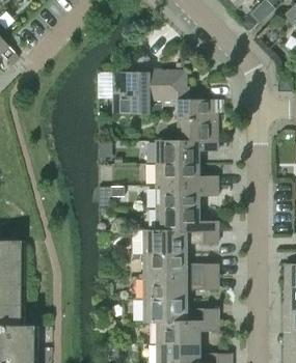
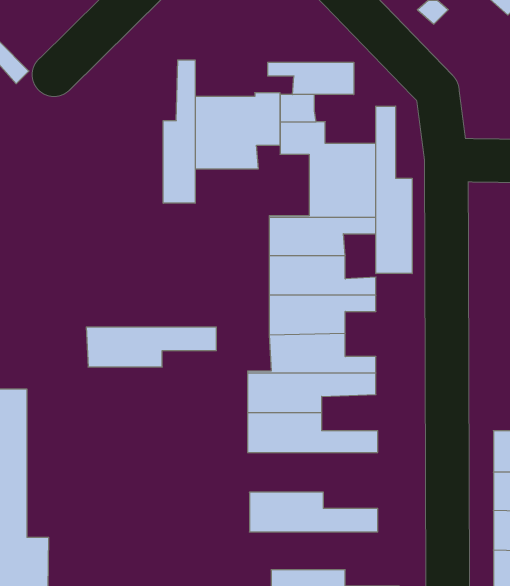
building: none -> [163,60,195,203]
building: none -> [268,62,354,95]
building: none -> [376,106,412,274]
building: [143,277,218,300] -> [86,327,216,367]
building: [144,323,218,344] -> none

